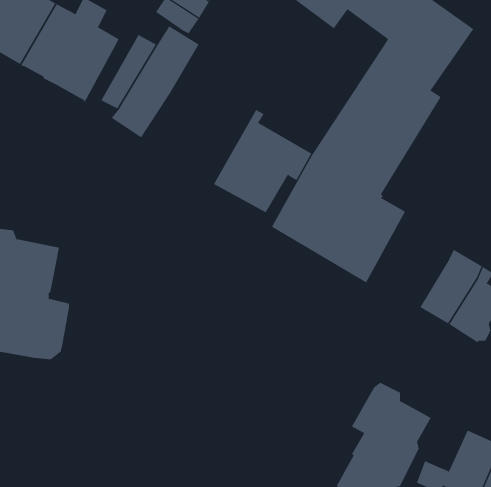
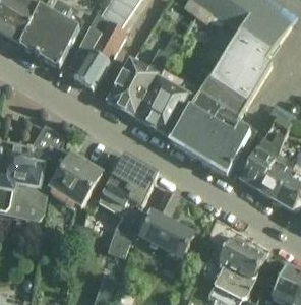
building: none -> [106,48,170,116]
building: none -> [239,121,288,189]
building: none -> [48,146,102,208]
building: none -> [97,152,158,255]
building: none -> [140,190,192,257]

